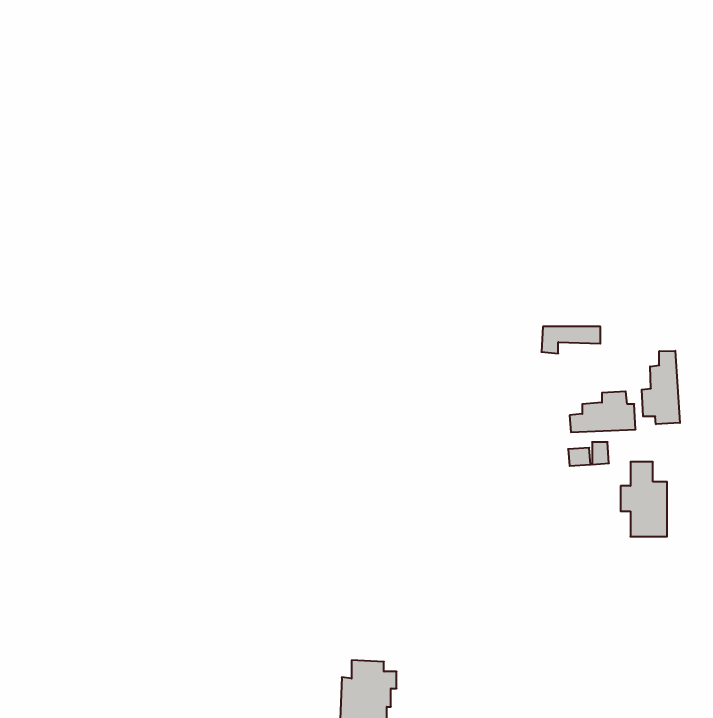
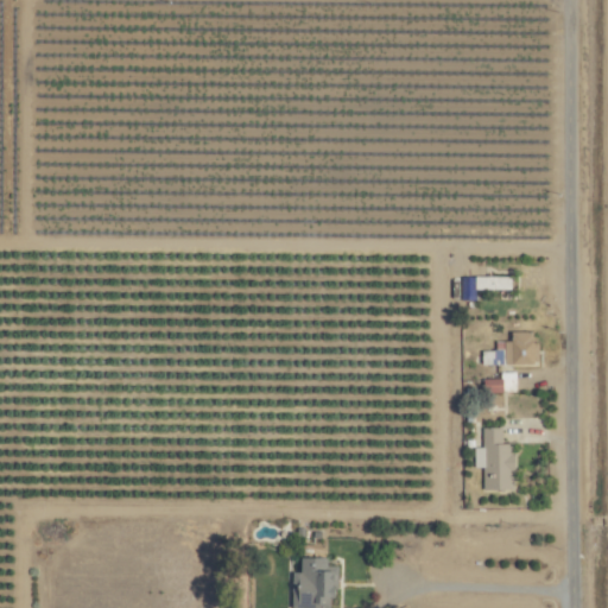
building: [642,351,680,424] -> none
building: [621,462,667,537] -> [476,428,515,490]

